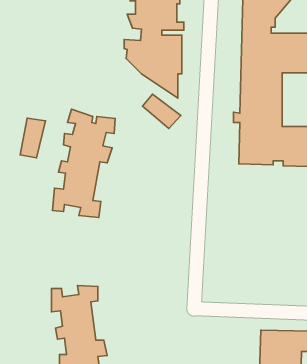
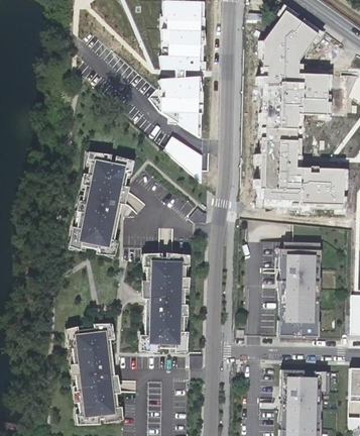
building: [20,118,46,158] -> none
building: none -> [277,241,320,336]
building: none -> [143,254,193,357]

